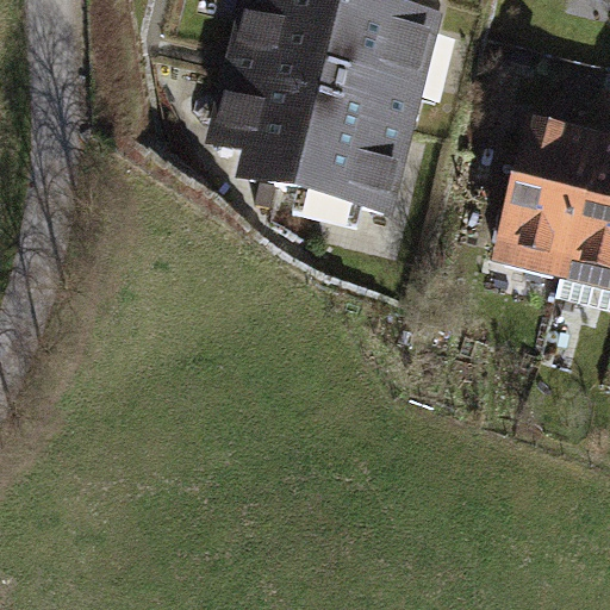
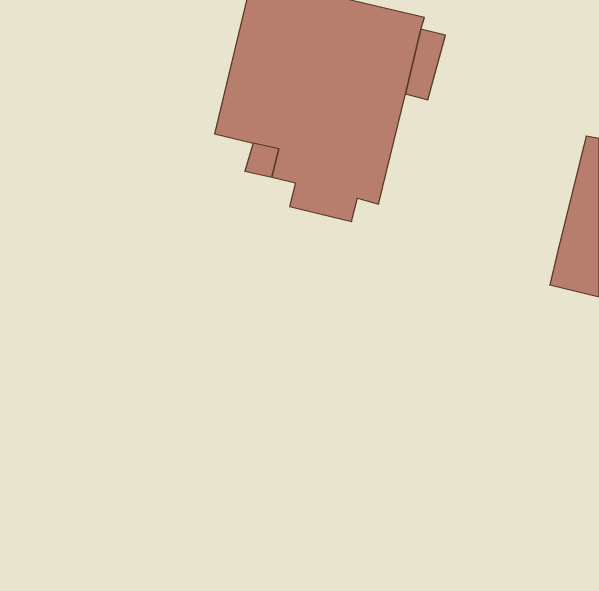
building: [504,122,596,255] -> none

